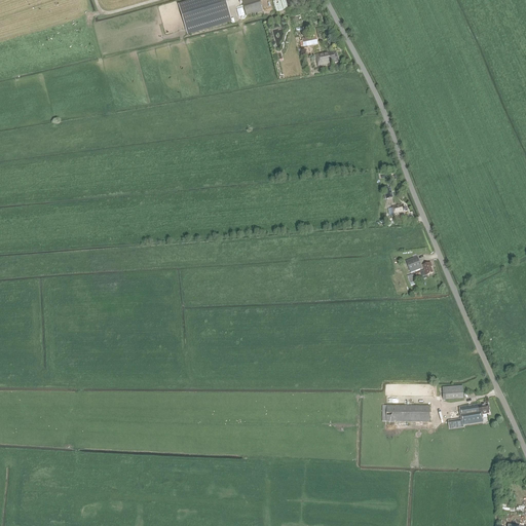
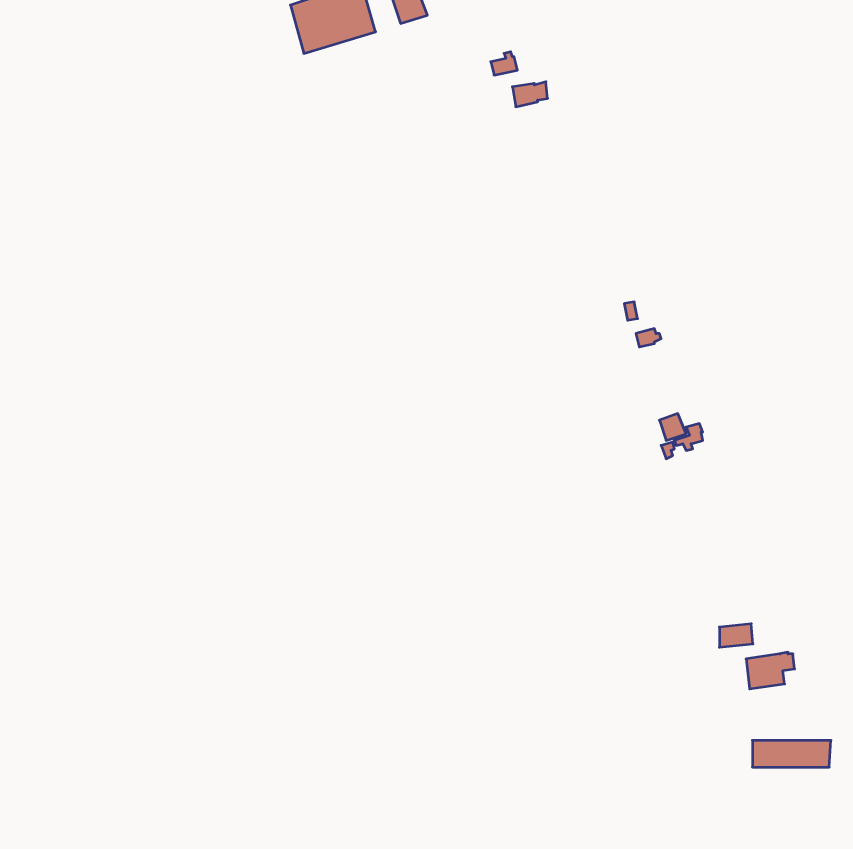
building: [382,404,430,420] -> [752,740,831,767]

